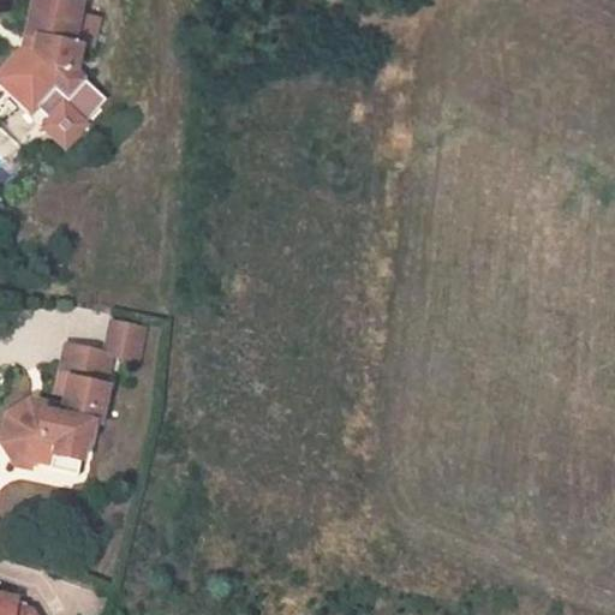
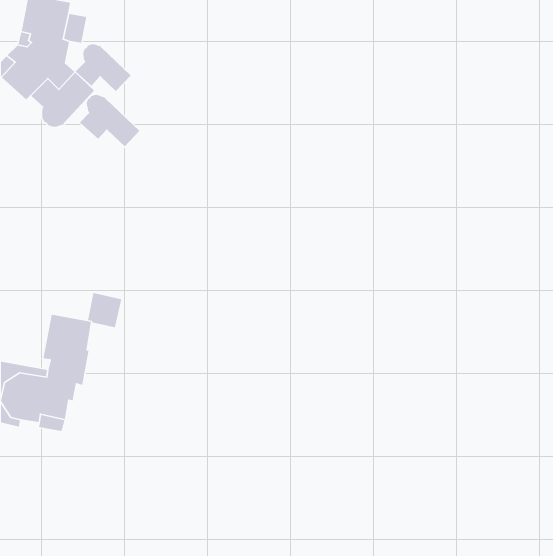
building: none -> [75,44,131,92]
building: none -> [79,94,140,147]

